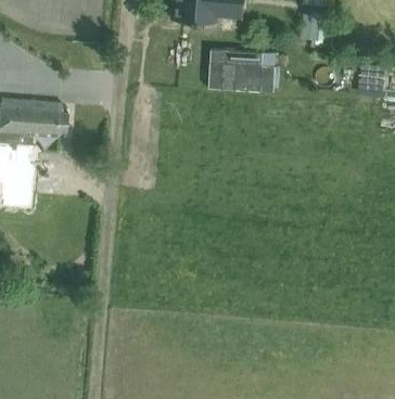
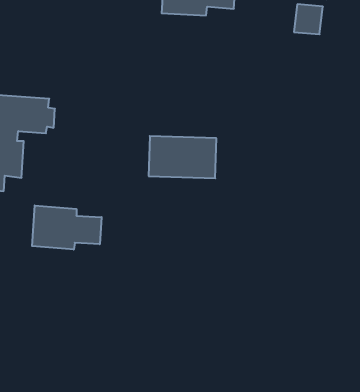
building: [207,49,273,90] -> [149,136,216,178]
building: none -> [32,205,102,250]

